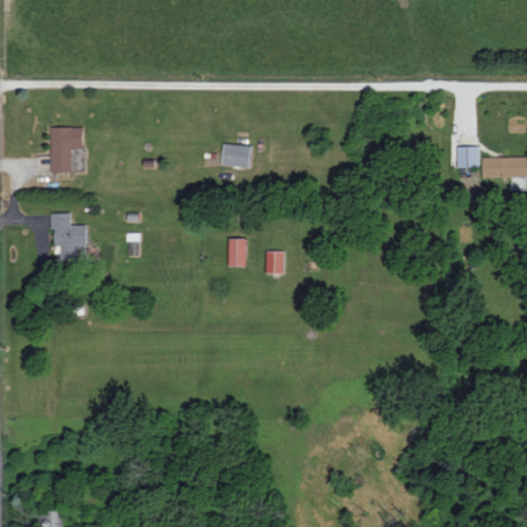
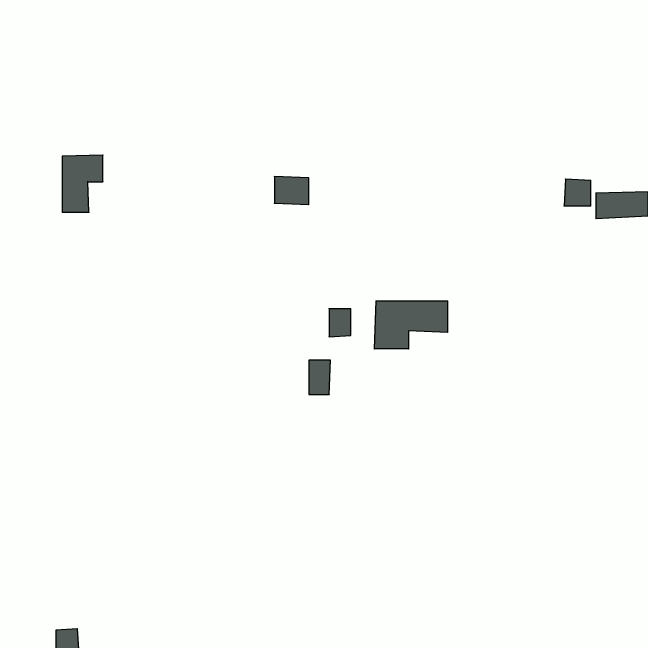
building: [50,213,86,260] -> none
building: [230,239,247,267] -> [309,360,330,394]
building: none -> [374,301,448,349]

